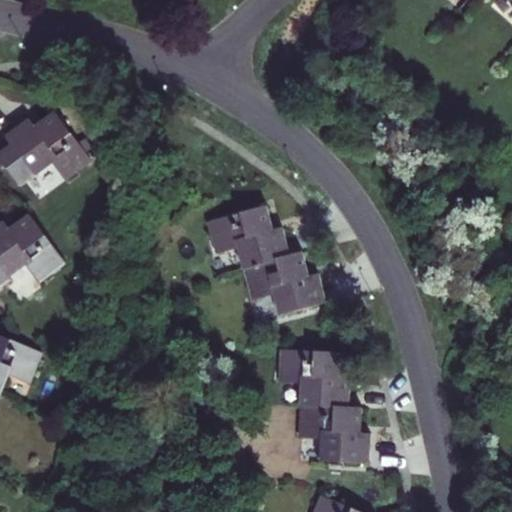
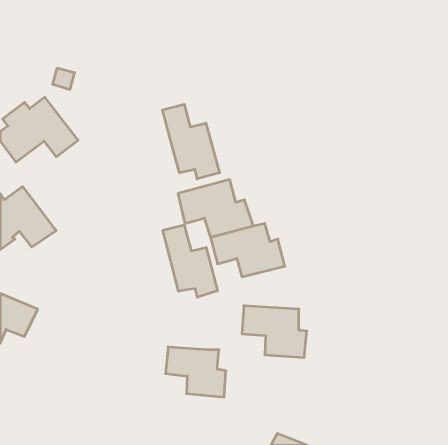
building: none -> [162,104,220,179]
building: none -> [163,225,217,297]
building: [299,405,368,462] -> [165,347,226,397]

